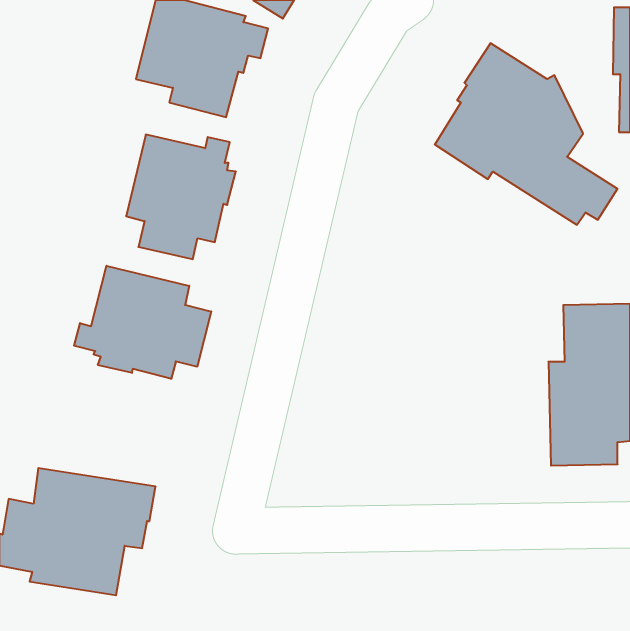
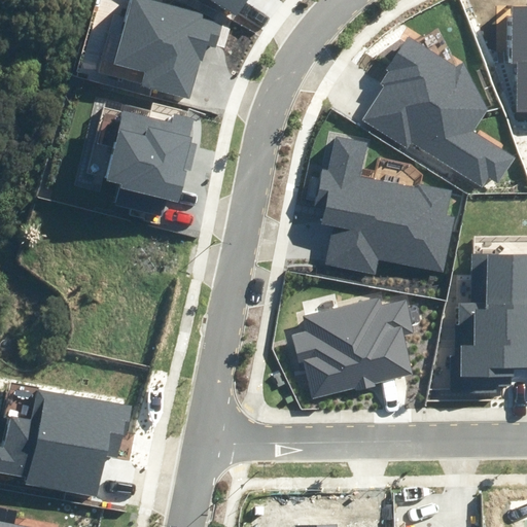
building: none -> [313,135,455,276]
building: [74,266,211,379] -> none
building: none -> [289,298,413,398]

